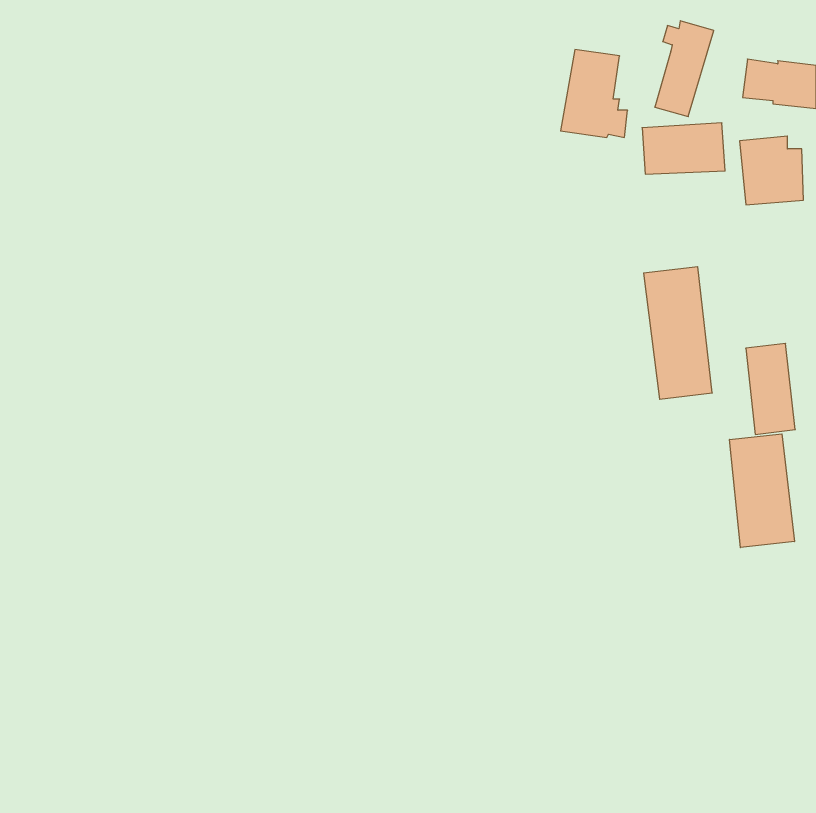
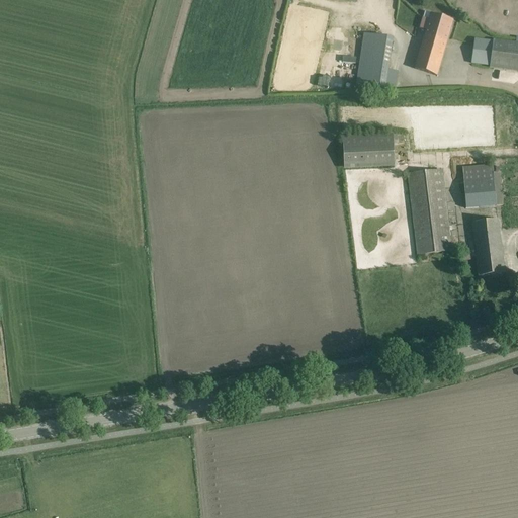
building: [642,123,725,174] -> [342,133,395,165]
building: [740,136,803,205] -> [462,163,503,206]
building: [730,434,794,548] -> none

